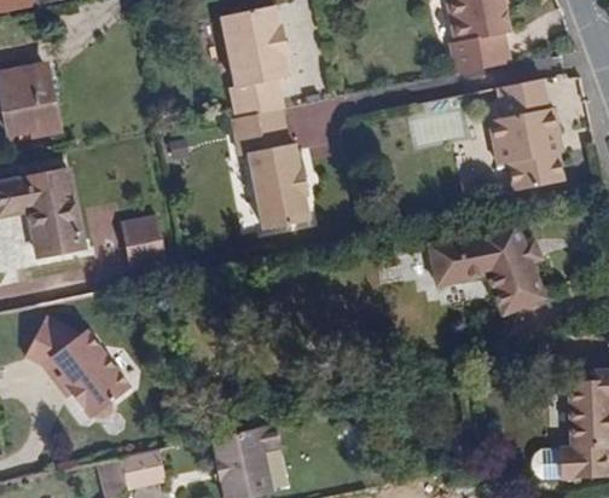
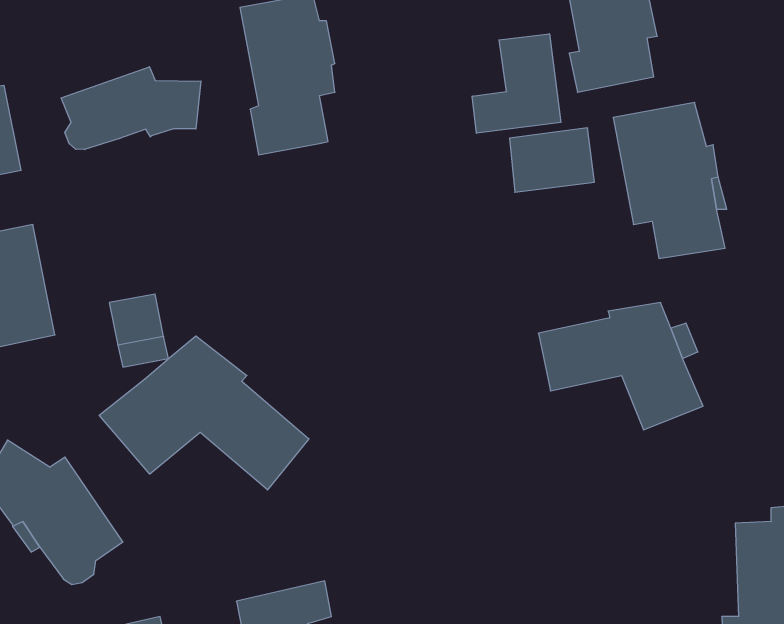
building: none -> [472,34,561,133]
building: none -> [61,67,201,150]
building: [224,110,303,231] -> none
building: none -> [99,336,309,490]

